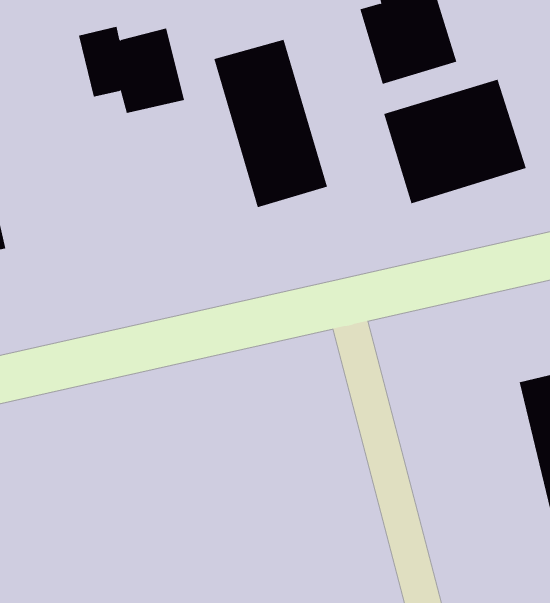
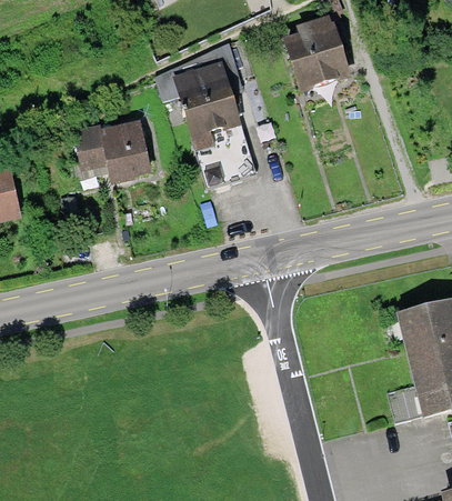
building: [78,26,185,114] -> [71,120,150,184]
building: [383,79,527,204] -> none

